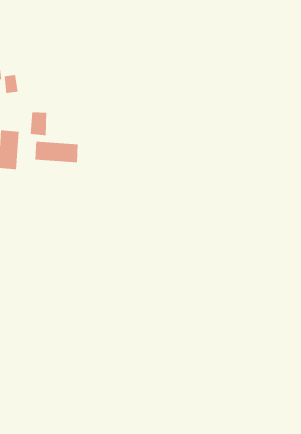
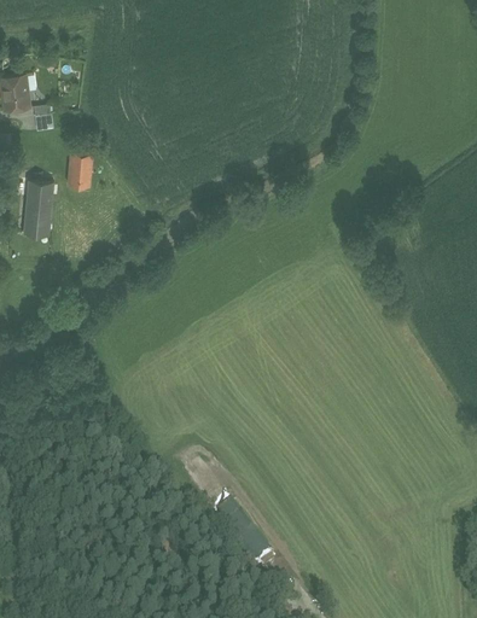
building: [35,141,78,163] -> none

